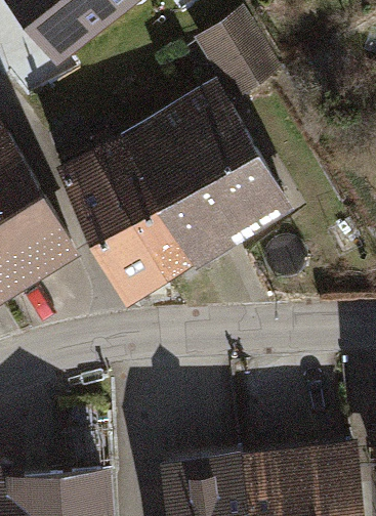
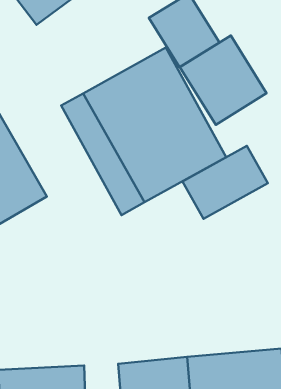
building: none -> [180,36,266,125]
building: [54,148,163,300] -> none
building: none -> [183,146,268,219]

